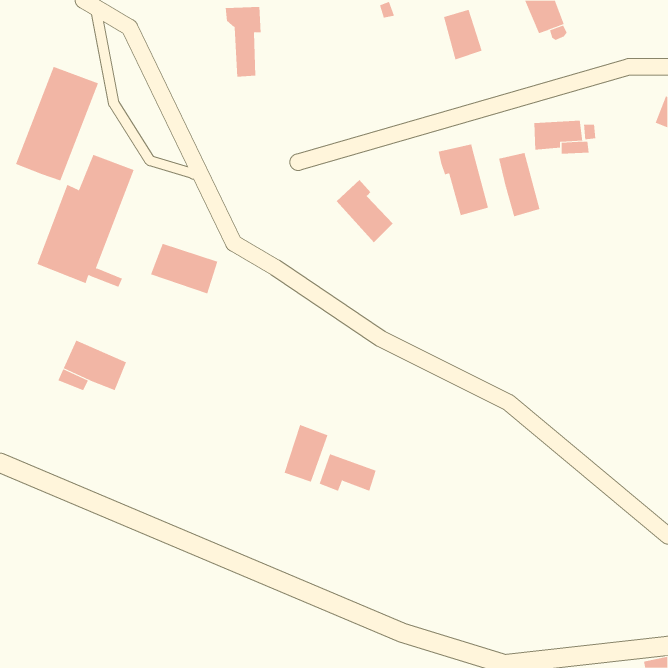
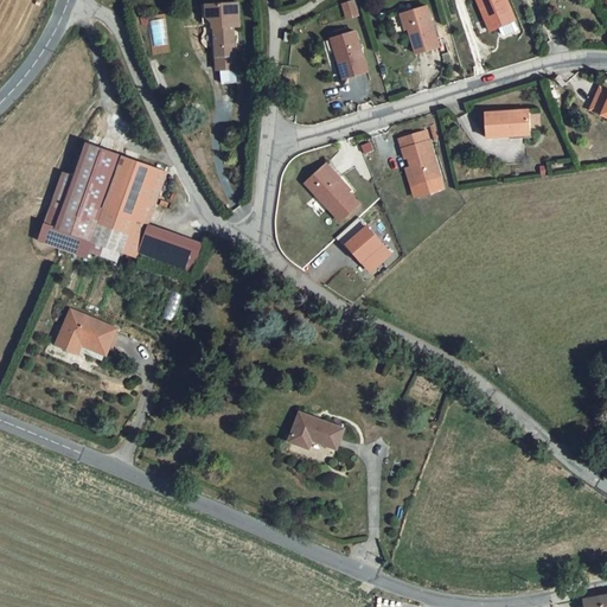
building: none -> [333,36,363,78]
building: [15,66,99,181] -> [88,154,164,258]
building: [499,152,540,217] -> none
building: none -> [336,217,391,271]
building: [284,424,328,483] -> none

